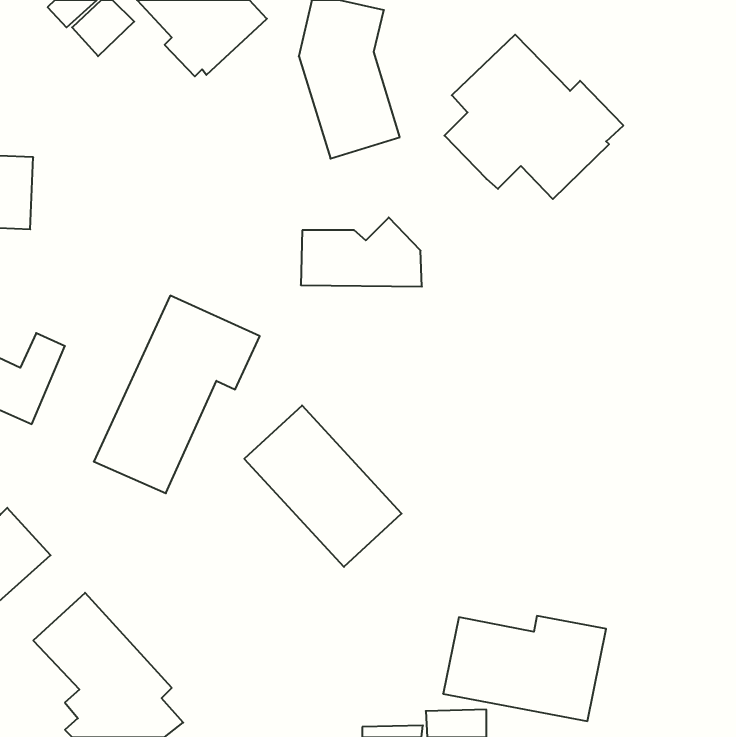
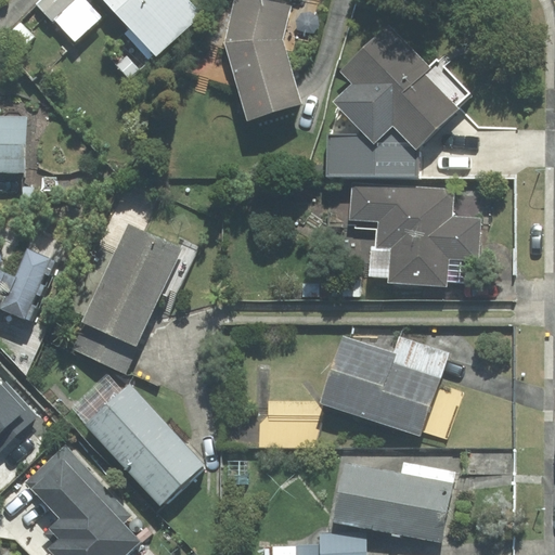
building: [301,217,422,287] -> [325,125,416,177]
building: none -> [349,183,480,287]
building: [244,405,402,567] -> [85,383,203,504]
building: none -> [321,337,463,440]

